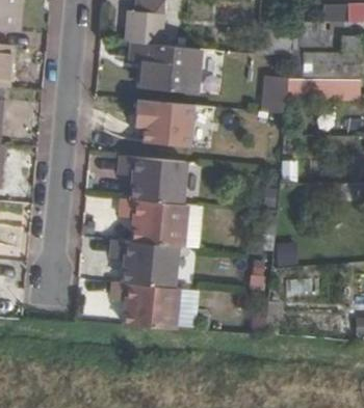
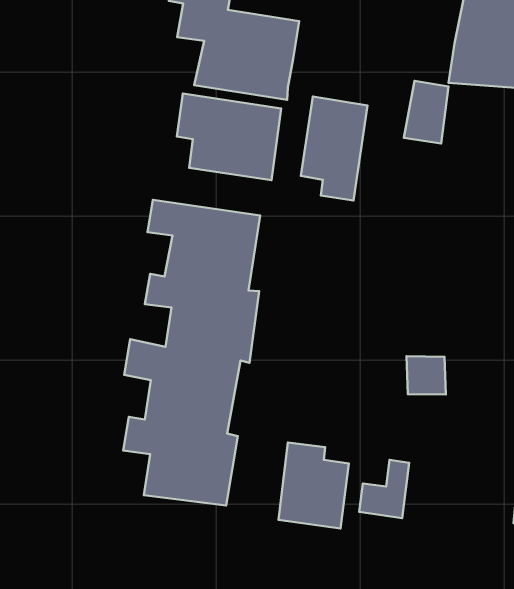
building: none -> [301,97,367,200]
building: none -> [278,442,349,528]

